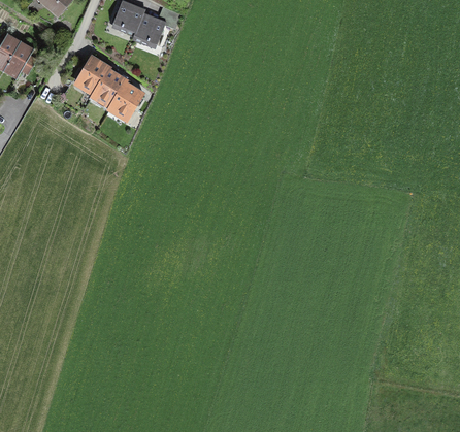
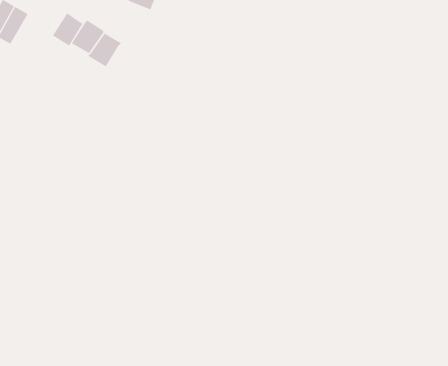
building: none -> [52,13,83,46]
building: [109,81,142,117] -> none

